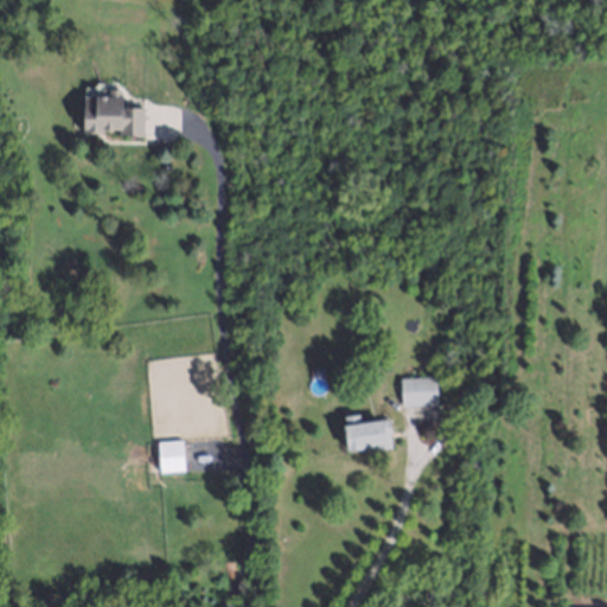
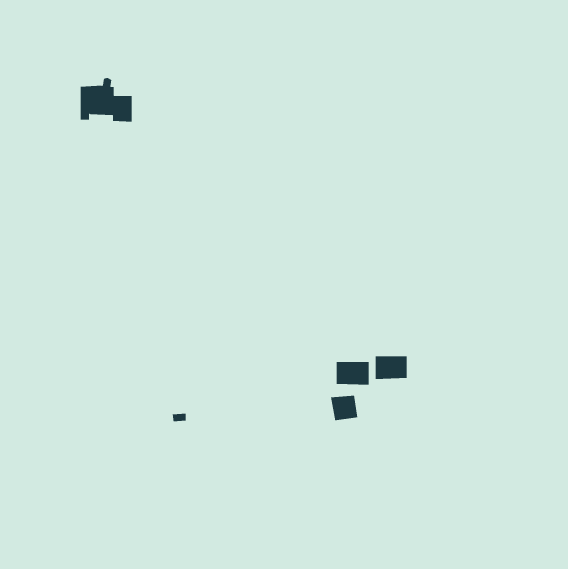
building: none -> [336,361,369,386]
building: [158,442,184,472] -> none

